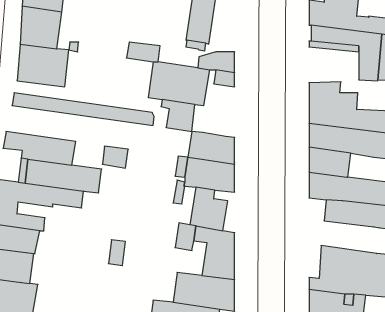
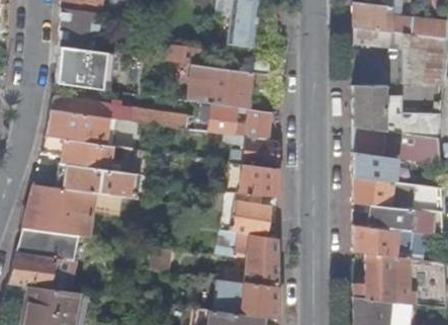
building: none -> [234,108,271,141]
building: none -> [44,109,129,148]
building: none -> [353,225,425,260]

